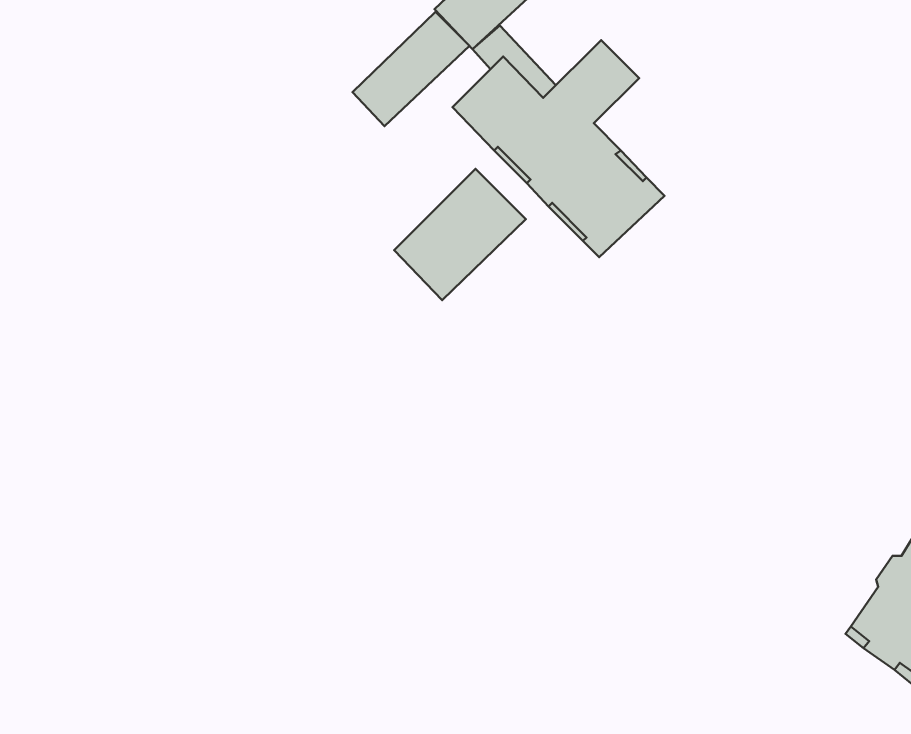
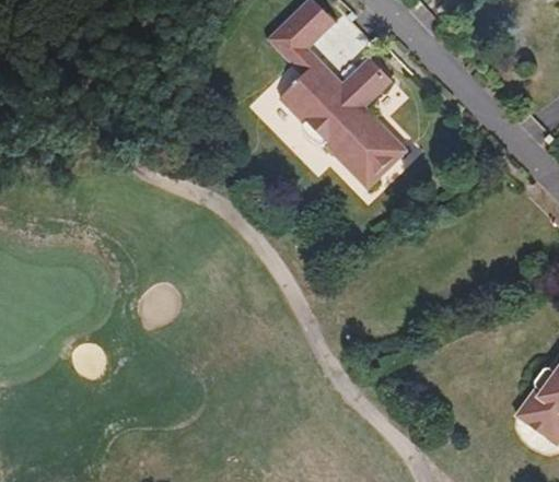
building: [352,12,469,126] -> none
building: [394,169,526,300] -> none

